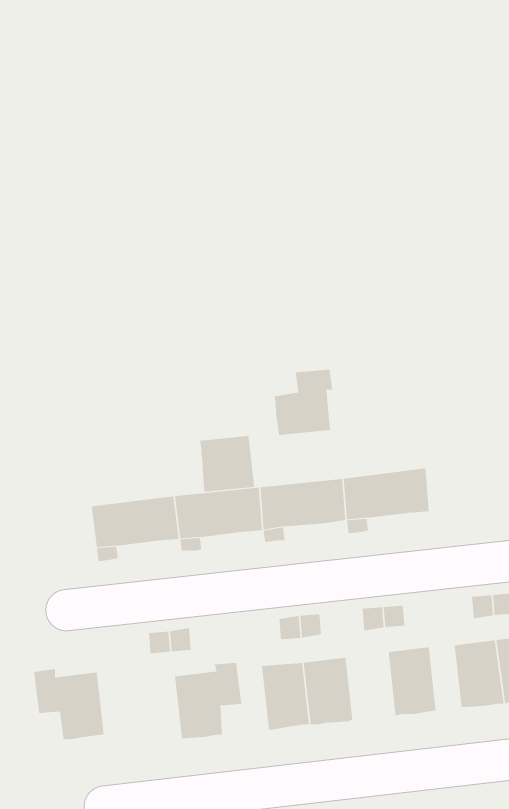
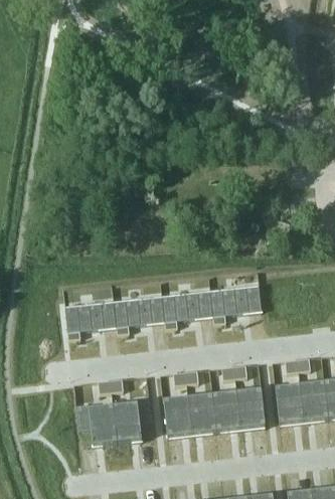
building: [274,369,333,436] -> none
building: [200,435,255,493] -> none
building: none -> [213,391,241,431]
building: [33,668,104,740] -> [76,403,118,445]

